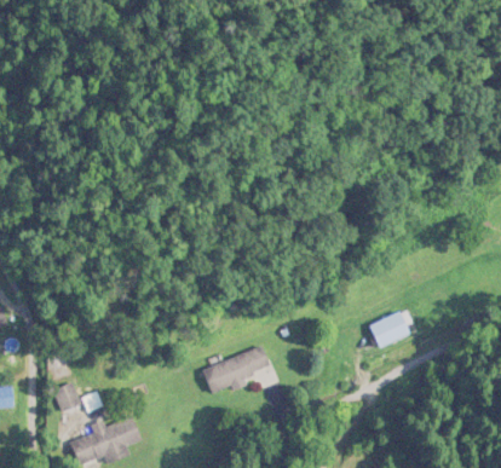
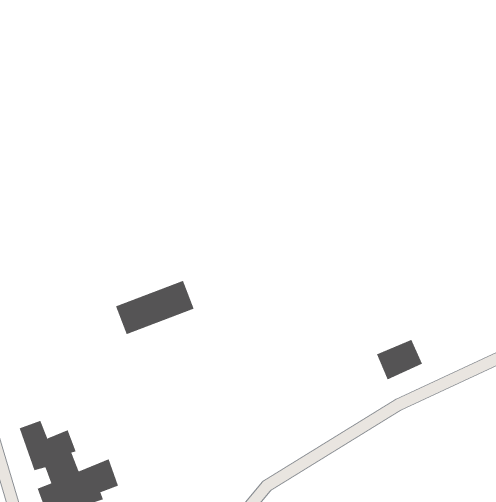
building: [202,346,272,394] -> [115,280,195,335]

